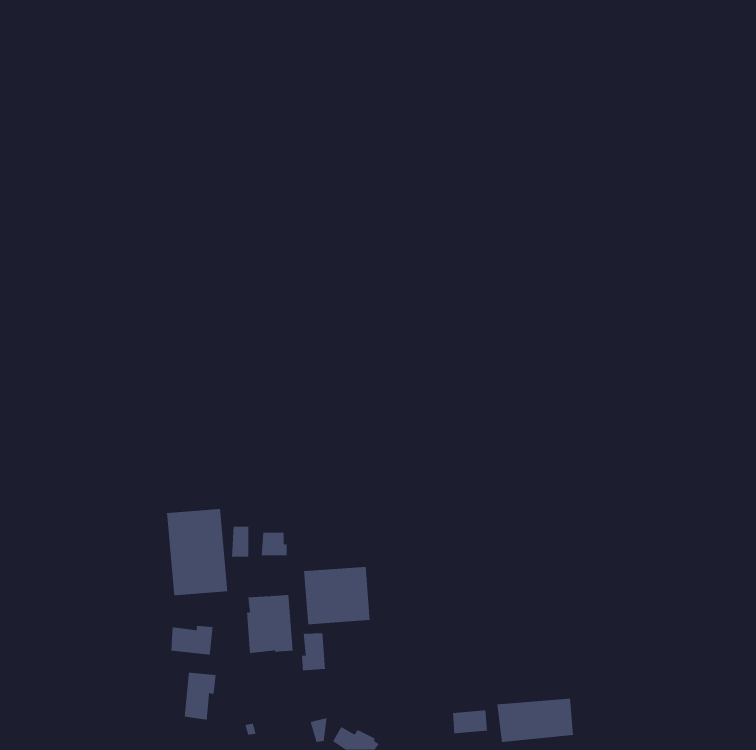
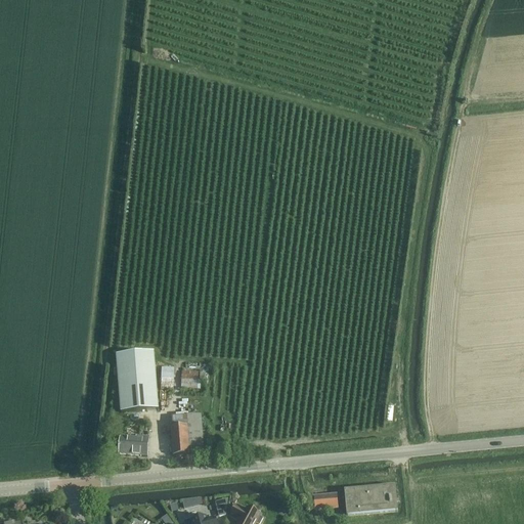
building: [304,566,370,625] -> none
building: [302,633,326,671] -> none
building: [184,672,216,721] -> none

